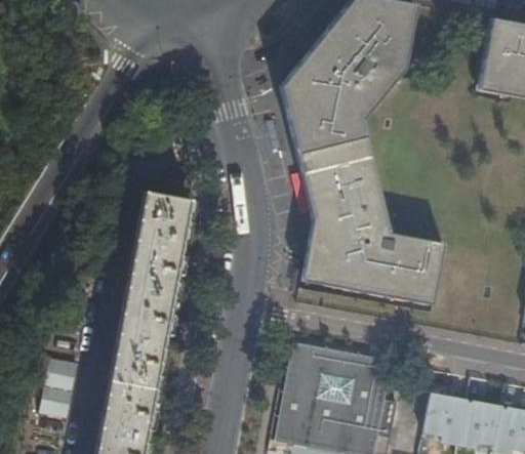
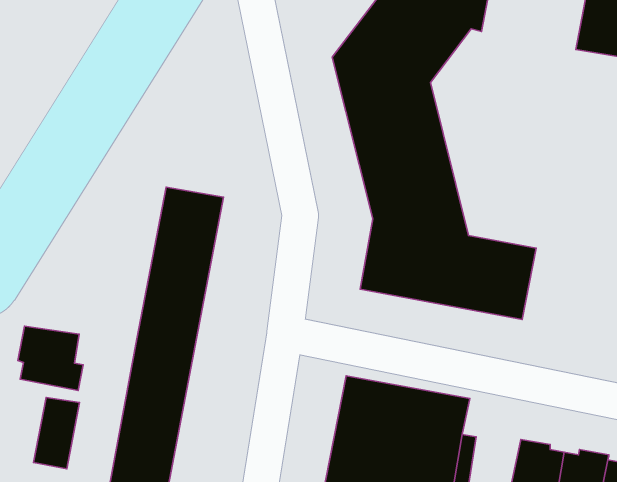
building: none -> [18,326,83,390]

